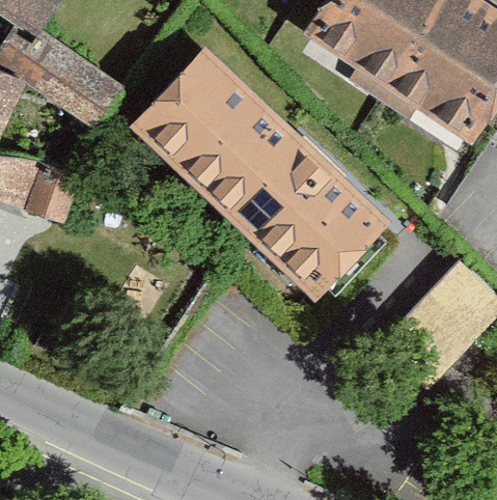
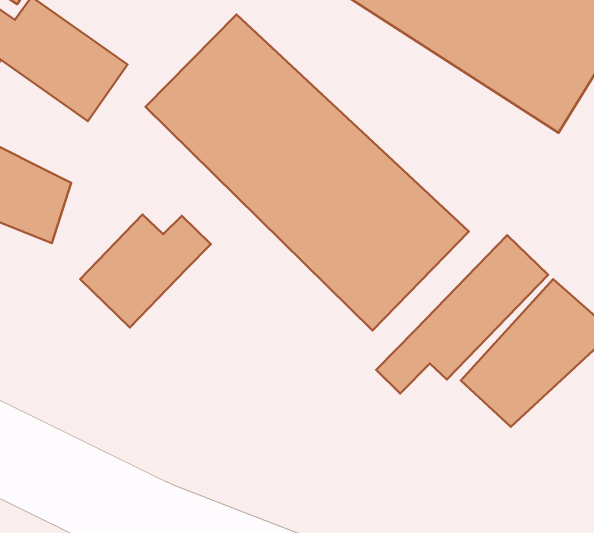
building: none -> [80,214,211,328]
building: none -> [376,235,548,393]

